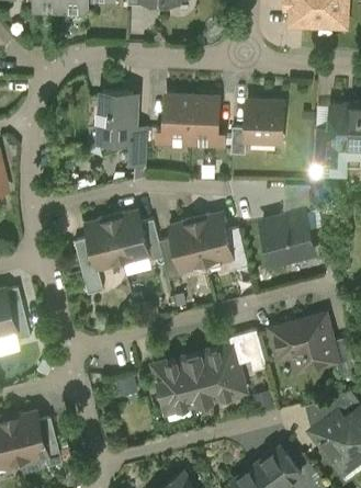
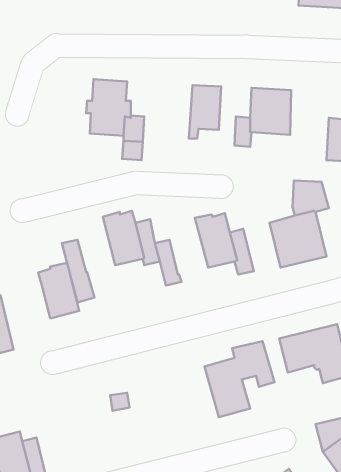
building: [165,95,193,146] -> none
building: [86,217,123,268] -> [38,263,79,318]
building: [170,218,207,270] -> none
building: [155,353,217,407] -> none

